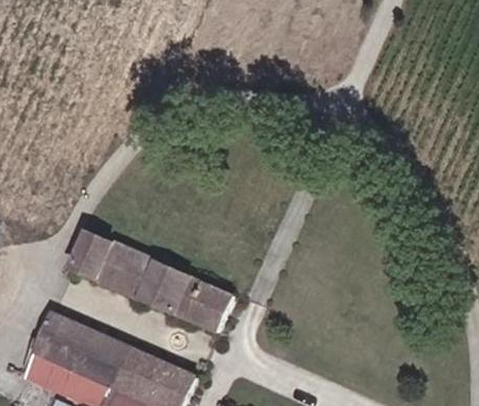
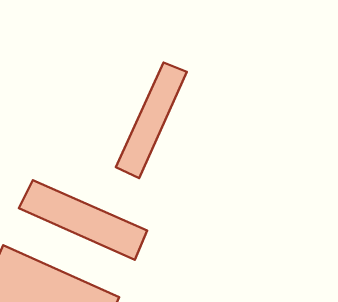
building: none -> [116,63,187,178]

